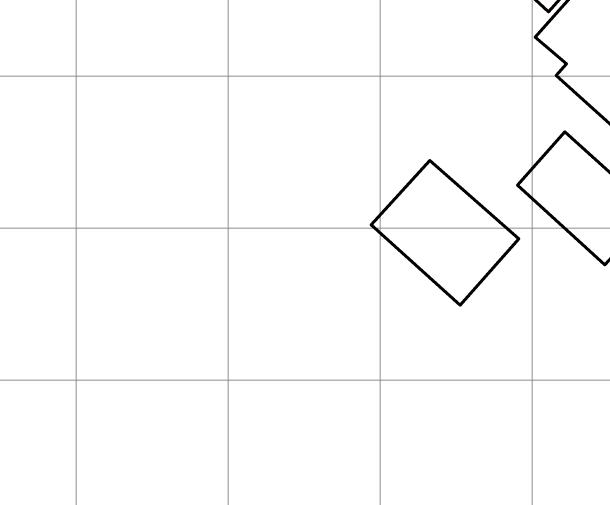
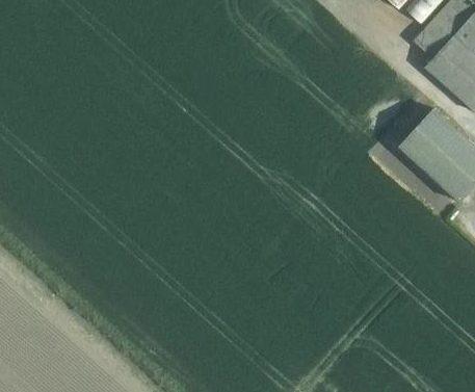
building: [371,160,519,305] -> none

